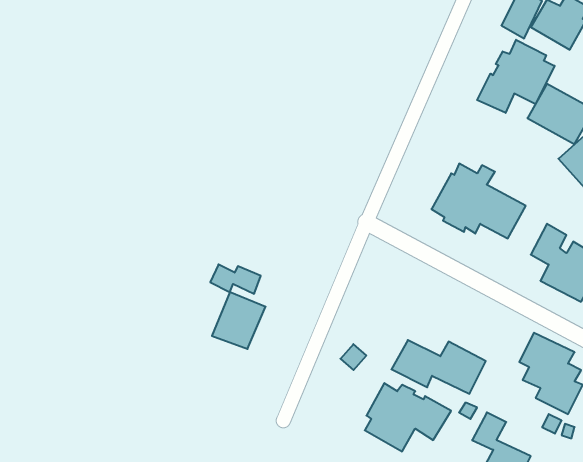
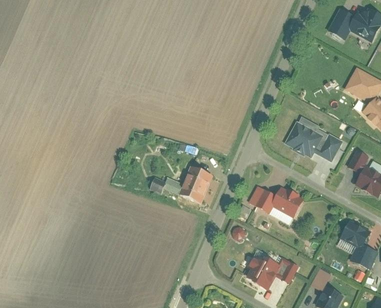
building: [477,40,555,113] -> none
building: [212,292,266,349] -> [178,166,211,201]
building: [391,340,486,394] -> [244,185,302,218]

